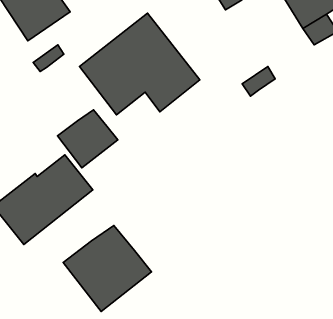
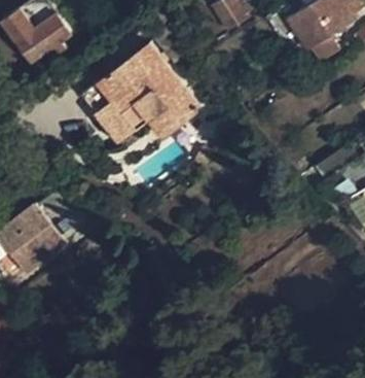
building: [57,110,118,168] -> none
building: [63,225,151,312] -> none

